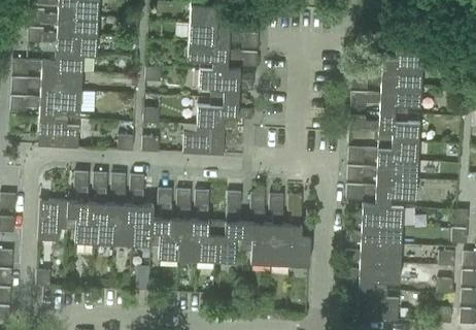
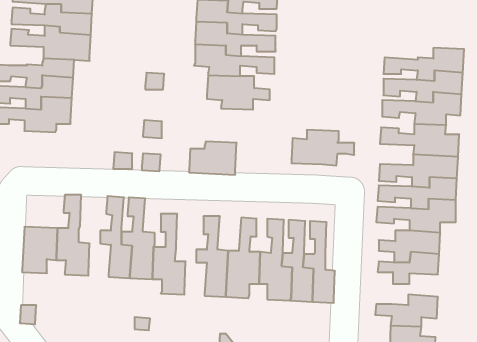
building: [198,98,252,129] -> [291,130,354,165]
building: [38,118,79,148] -> none
building: [88,173,115,244] -> none
building: [171,191,199,261] -> none
building: [346,241,400,269] -> none

